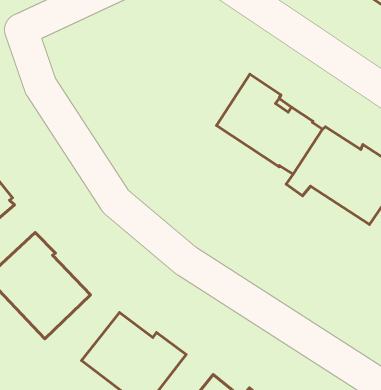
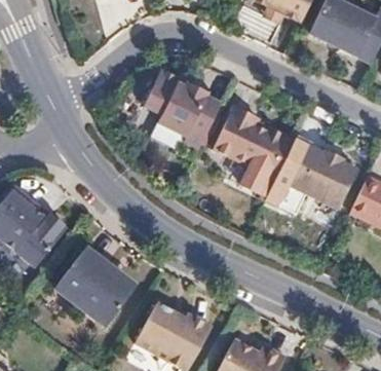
building: none -> [144,71,221,148]

